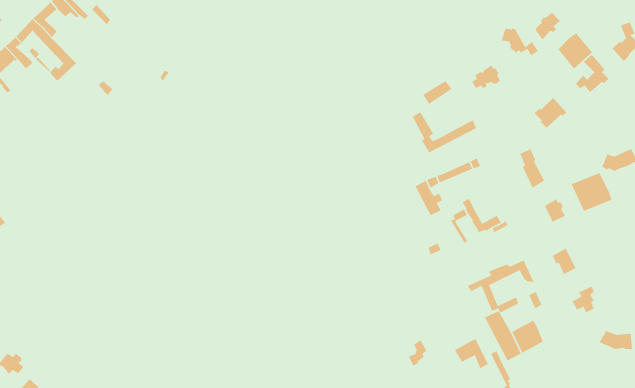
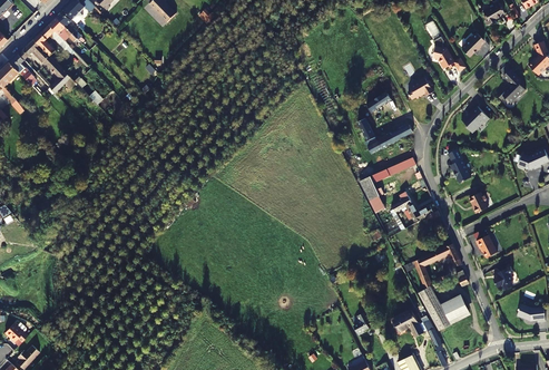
building: [557,32,593,69] -> none
building: [571,172,612,212] -> none

